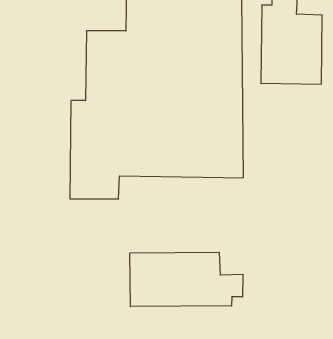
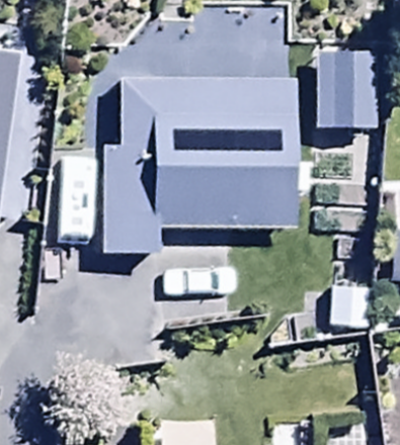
building: [130,252,243,307] -> none

